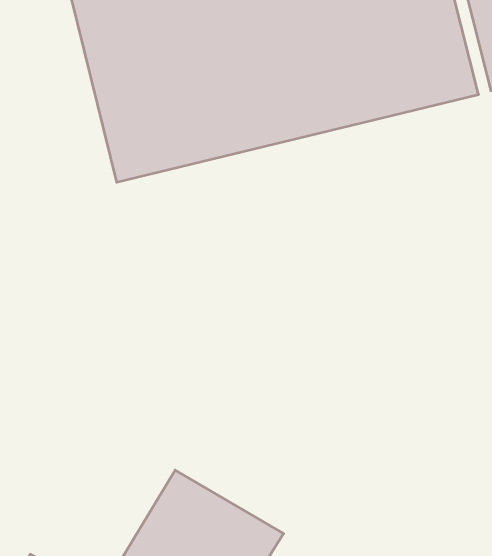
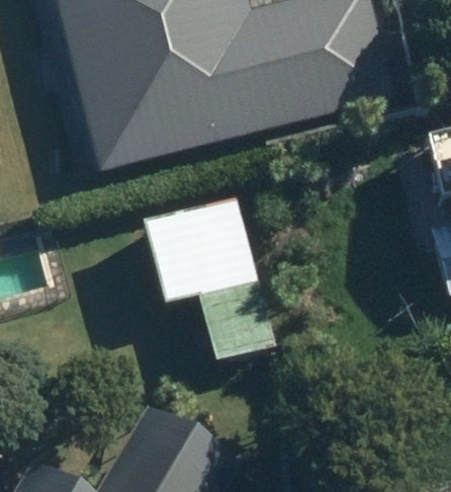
building: none -> [142,198,275,366]

